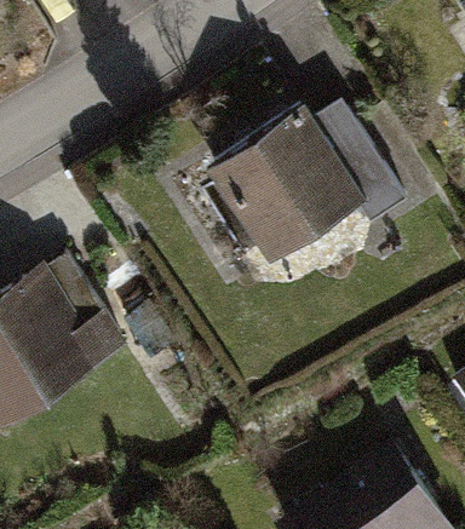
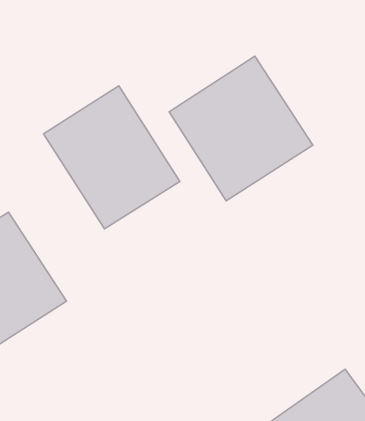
building: none -> [43,86,180,229]

